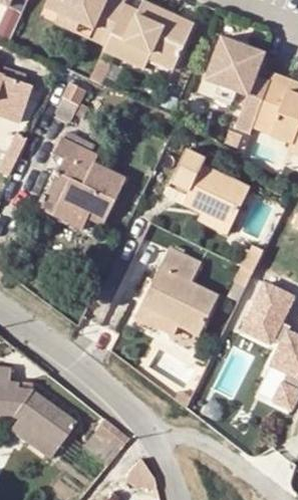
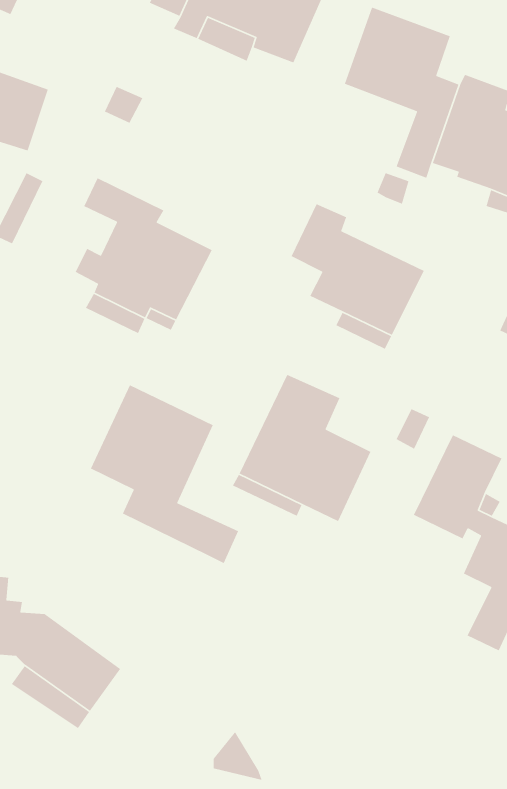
building: none -> [90,384,239,564]

